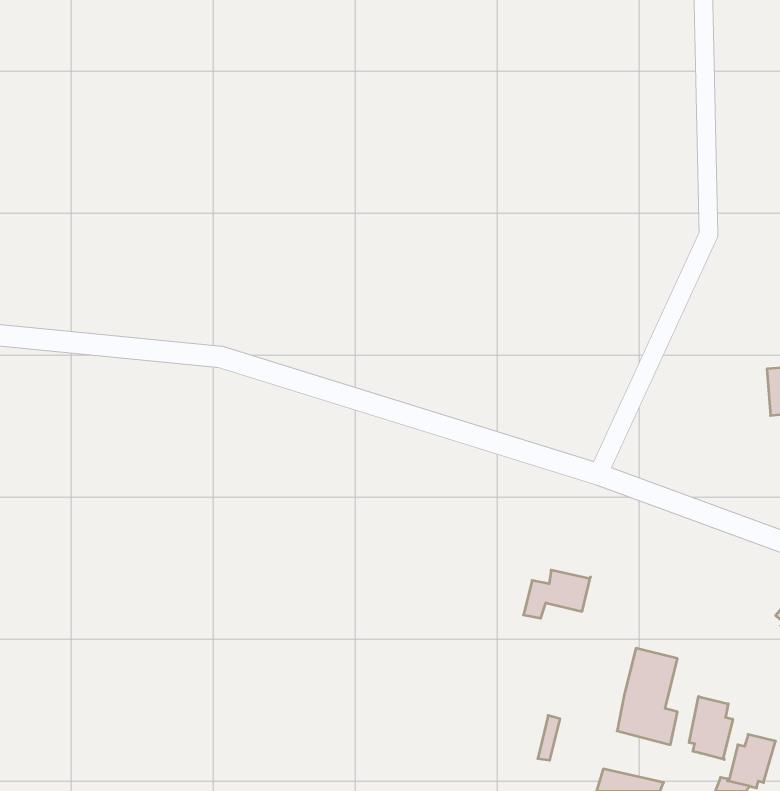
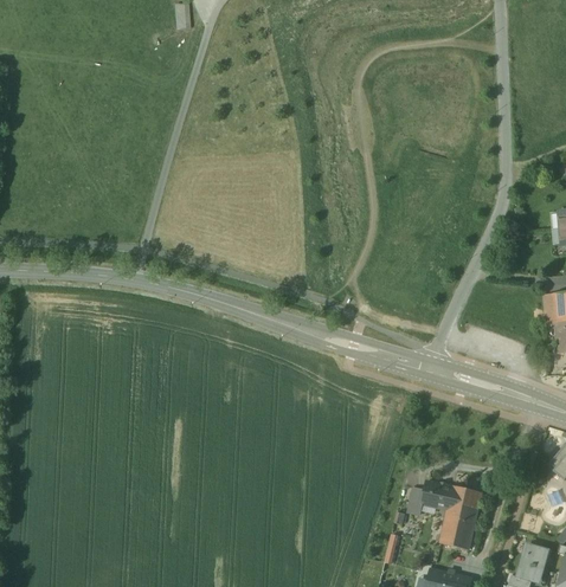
building: [523,570,591,618] -> [407,480,454,514]
building: [689,696,733,760] -> none

